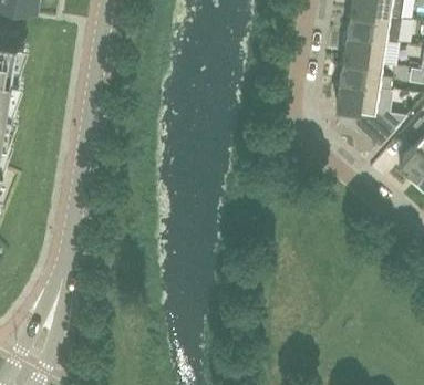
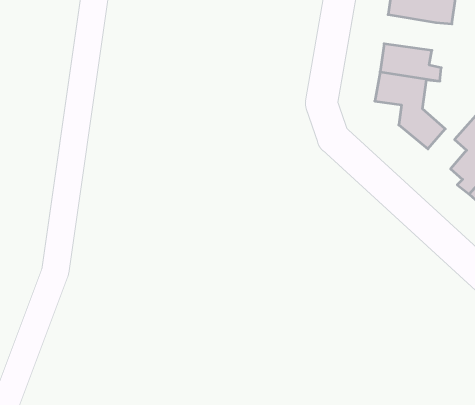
building: [343,35,386,65] -> none

